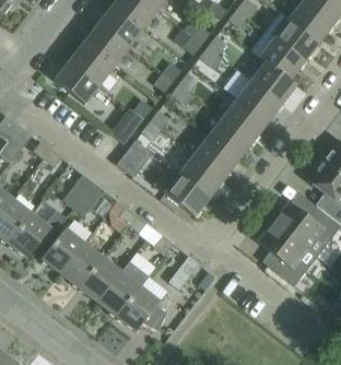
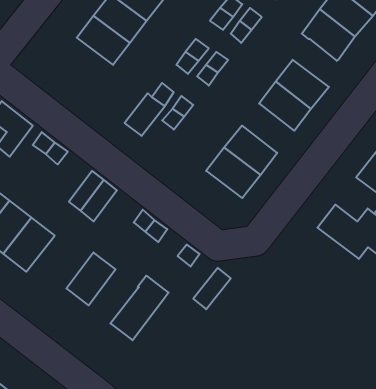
building: [55,60,101,103] -> none
building: [252,61,297,102] -> none
building: [210,116,254,157] -> none
building: [117,139,153,174] -> none
building: [164,173,210,215] -> none
building: [258,221,308,286] -> none
building: [42,227,84,272] -> none
building: [80,256,122,302] -> none
building: [117,275,167,331] -> none

